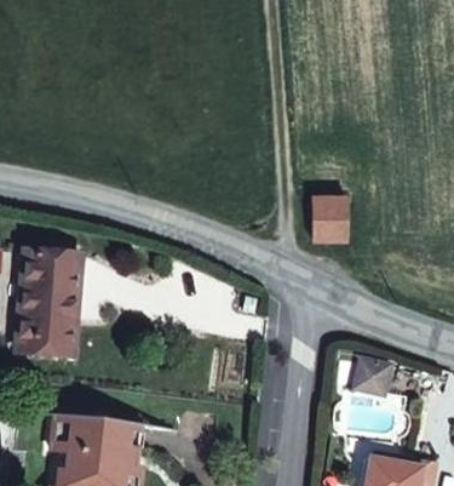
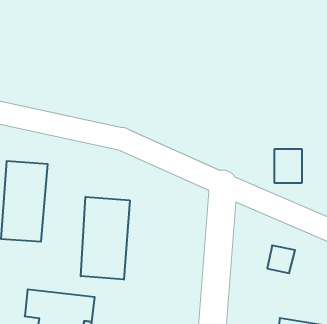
building: [311,196,346,239] -> [274,149,302,183]
building: none -> [81,197,130,280]

